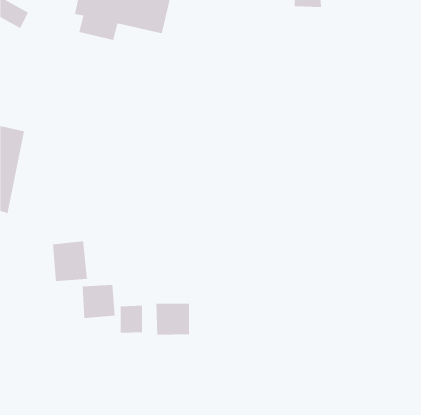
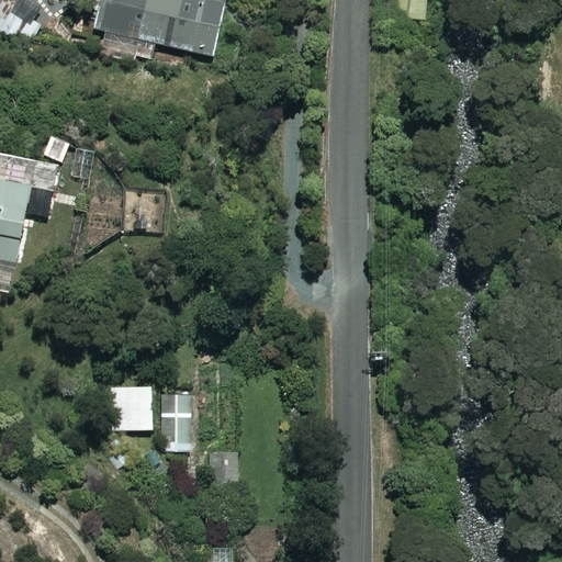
building: [53,241,87,282] -> none
building: [156,303,189,336] -> none

